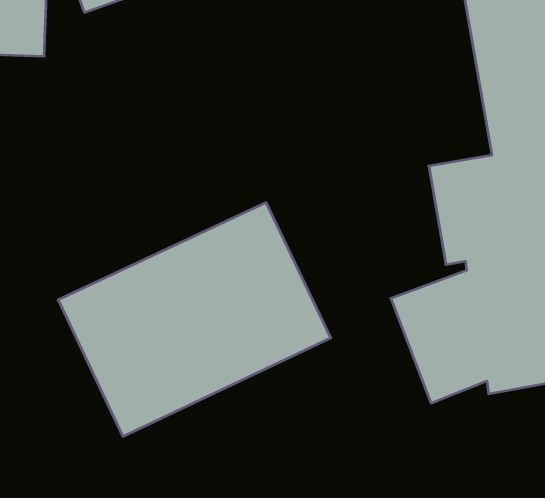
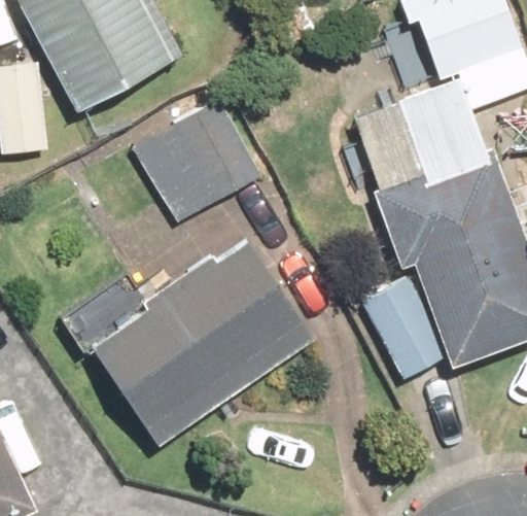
building: none -> [81,96,262,232]

